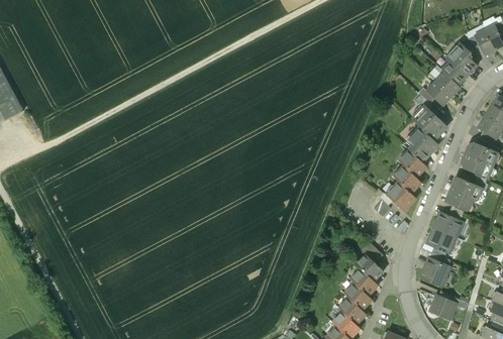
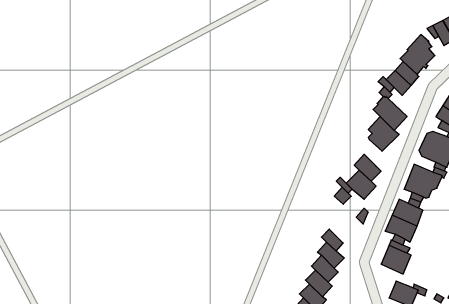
building: [399,150,427,178] -> none

